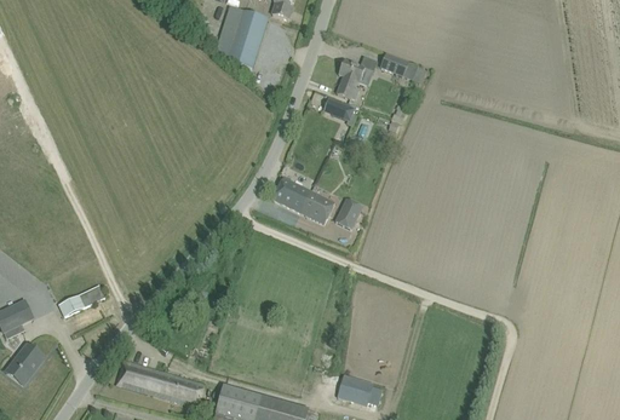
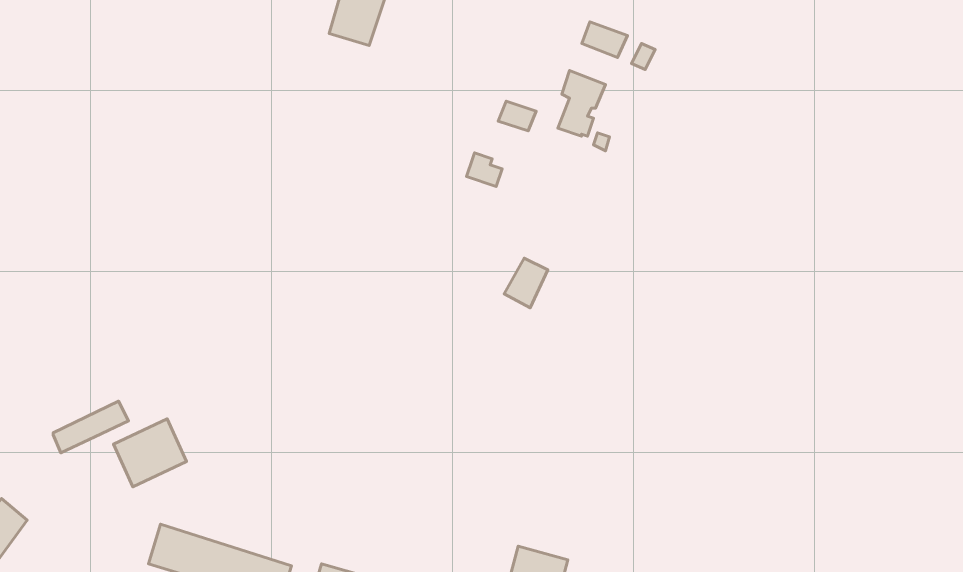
building: [337,58,366,98] -> [558,70,605,136]
building: [274,177,334,223] -> none
building: none -> [113,419,187,487]

